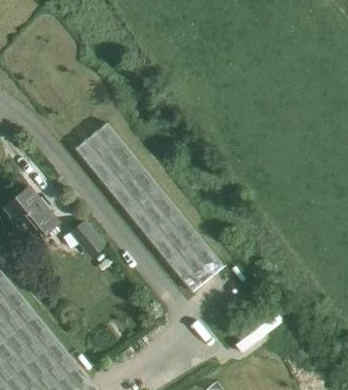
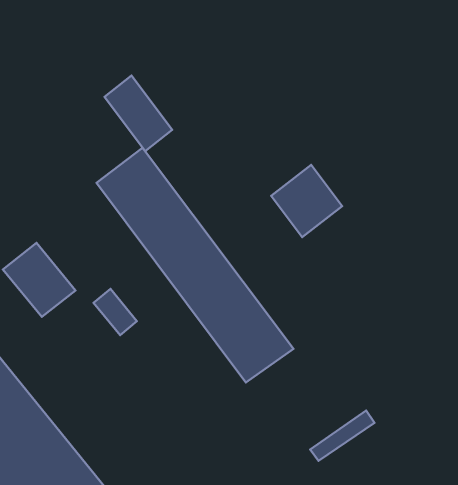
building: none -> [105,76,172,151]
building: none -> [271,165,342,237]

